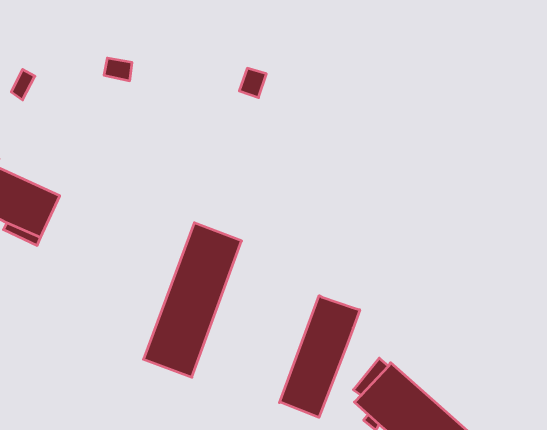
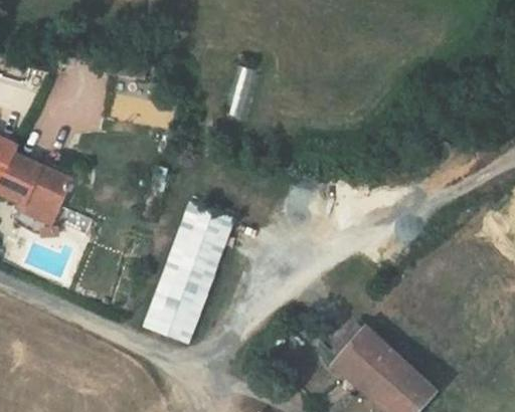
building: [279,296,360,417] -> none

